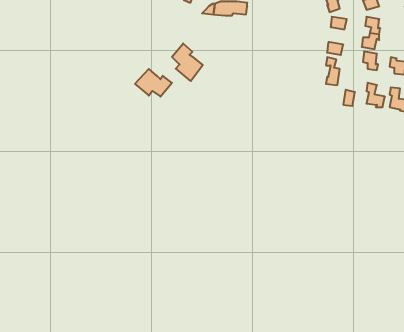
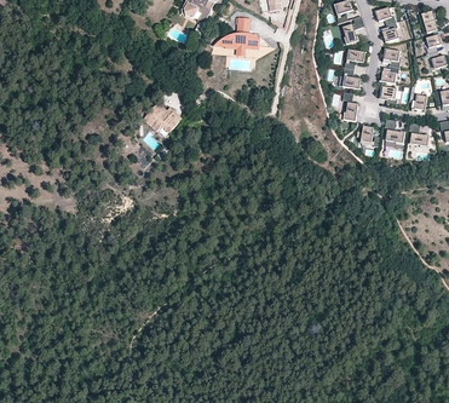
building: [172,43,203,81] -> none

